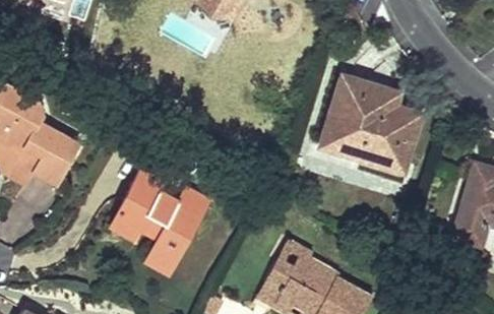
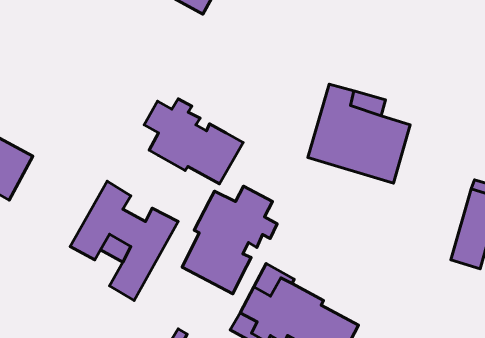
building: none -> [144,99,243,184]
building: none -> [182,186,277,294]

